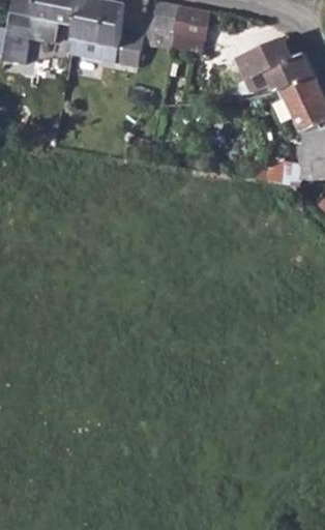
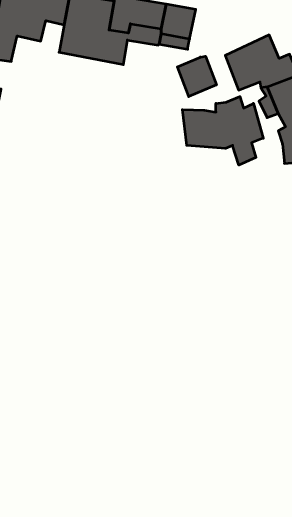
building: none -> [177,56,216,97]
building: none -> [182,97,263,165]

